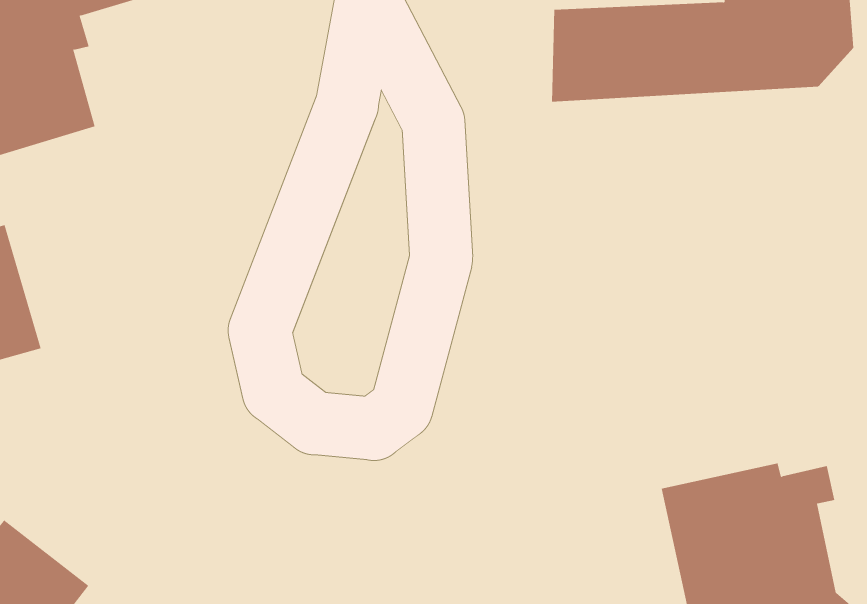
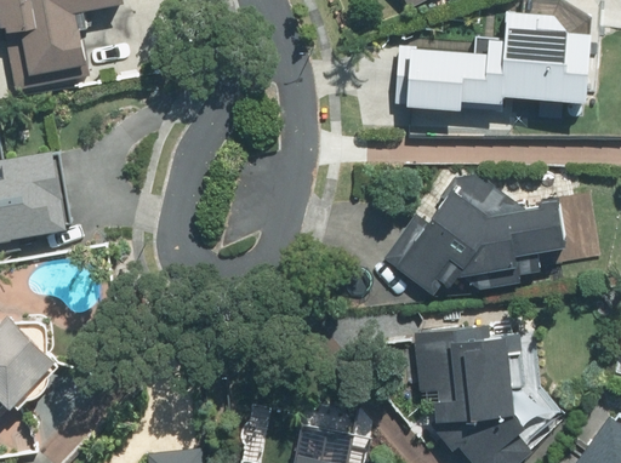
building: none -> [378,160,559,284]

